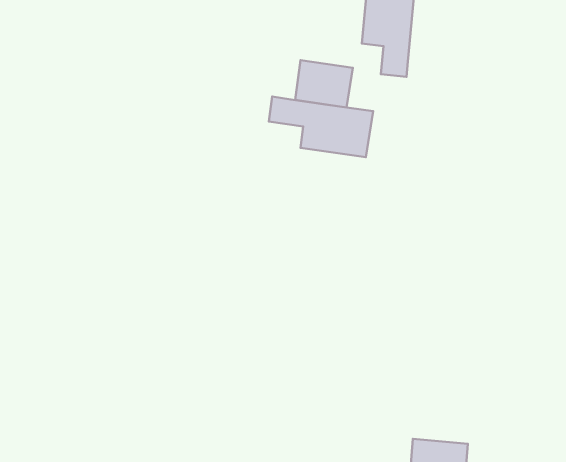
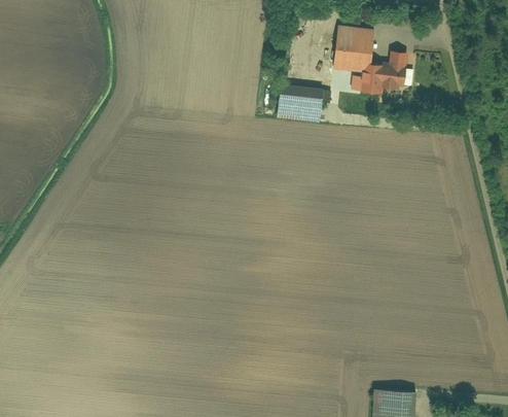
building: none -> [370,48,410,88]
building: [269,96,373,157] -> none

